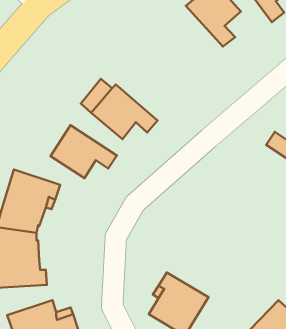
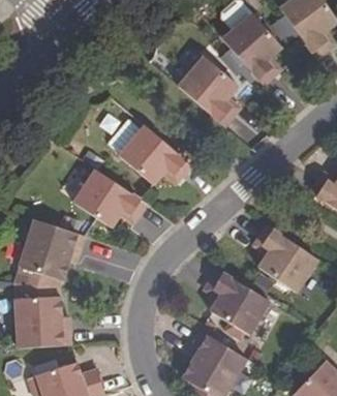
building: none -> [179,57,239,126]
building: none -> [257,225,317,293]
building: none -> [208,269,269,335]

